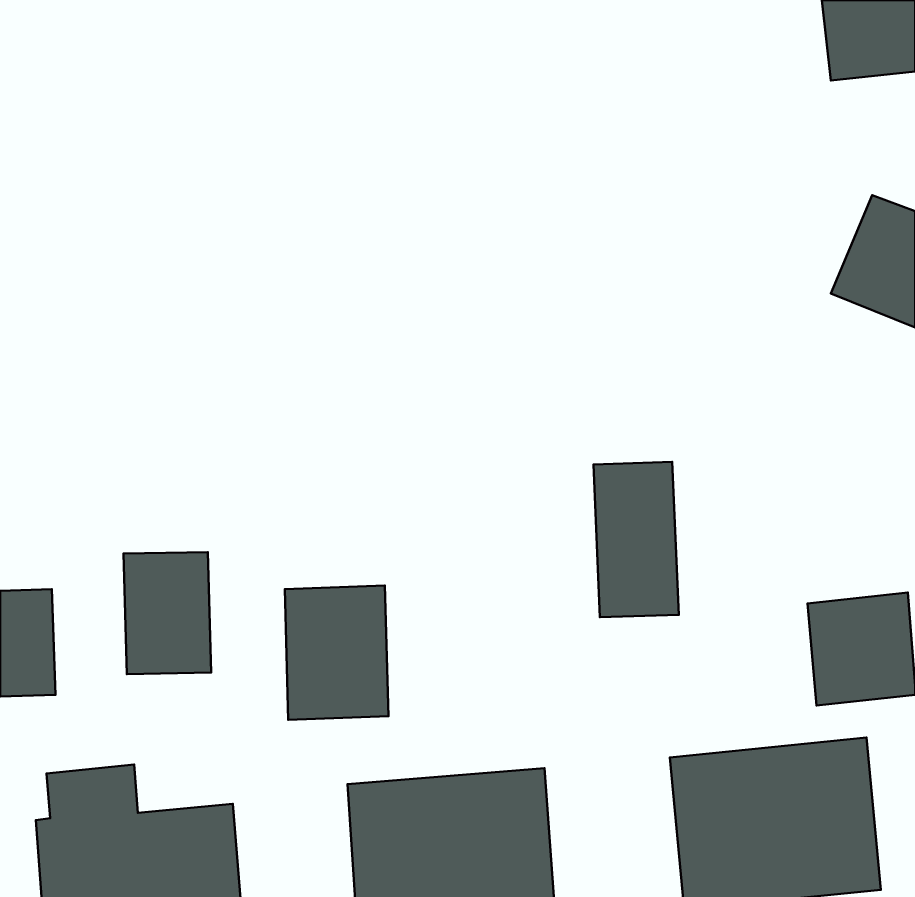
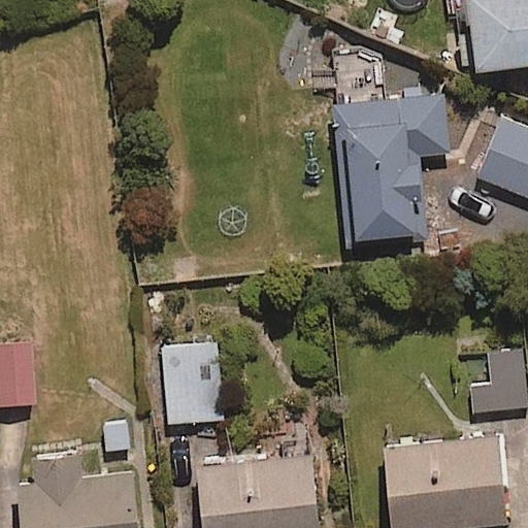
building: none -> [314,52,449,246]
building: [593,462,679,617] -> none
building: [124,552,211,674] -> none

